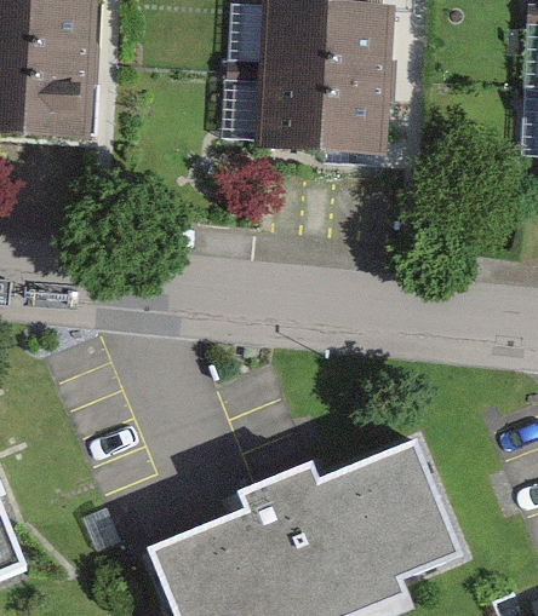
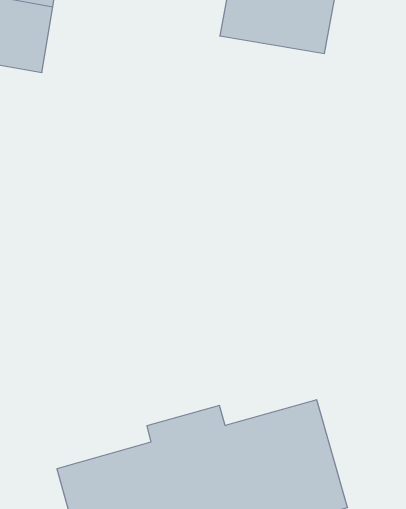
building: [264,71,382,148] -> none

